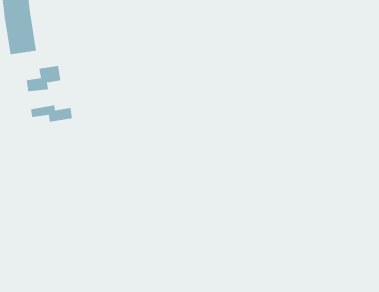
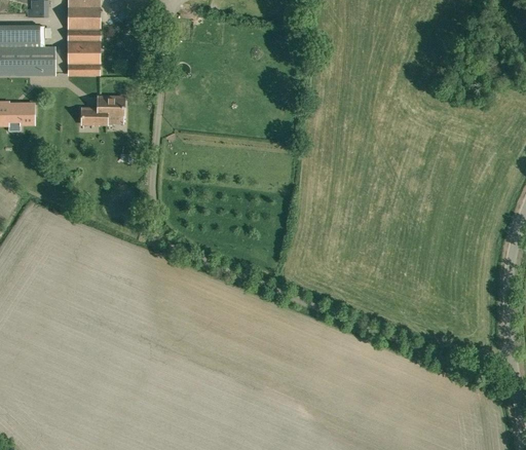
building: [31,105,73,122] -> none

